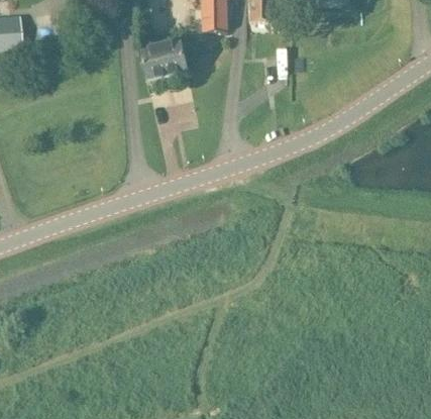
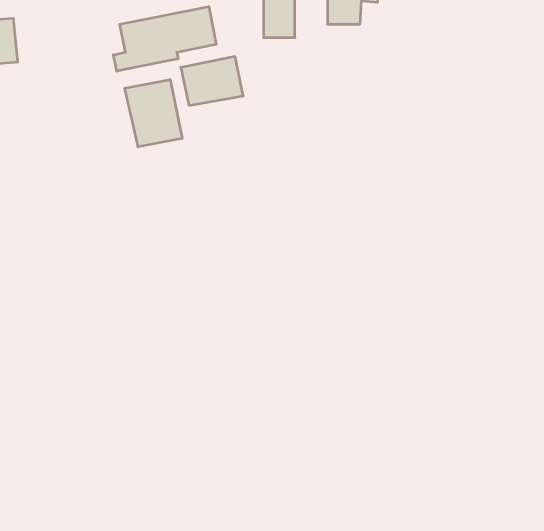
building: none -> [113,7,216,71]
building: none -> [125,80,182,147]

